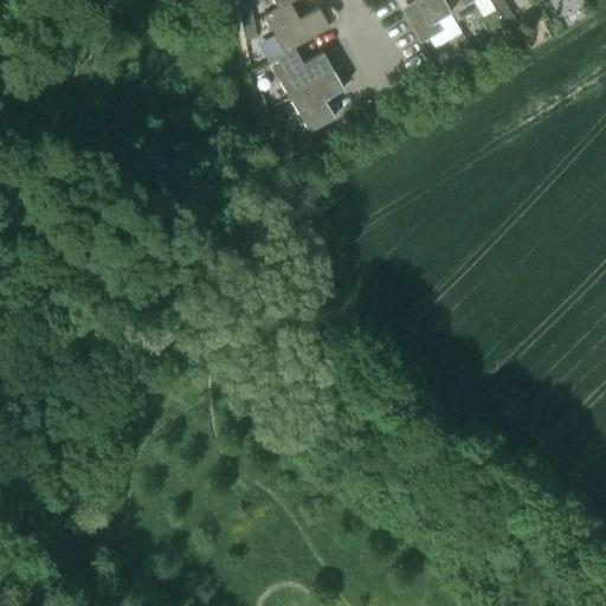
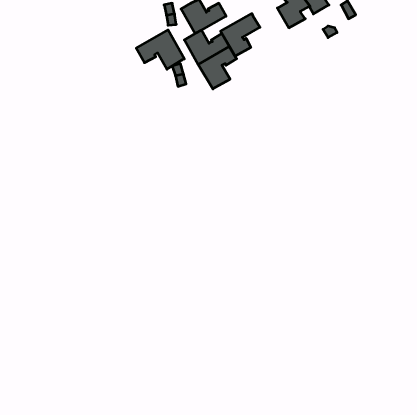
building: none -> [221,14,260,56]
building: none -> [136,30,184,69]

